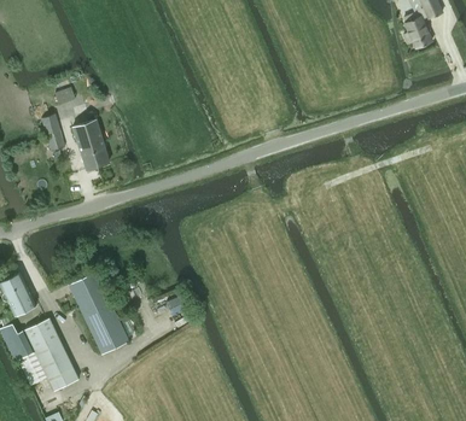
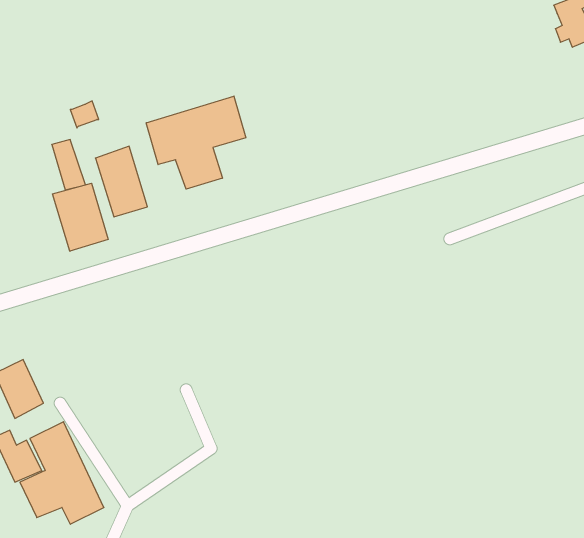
building: none -> [146,96,246,189]
building: none -> [52,183,108,251]
building: [70,273,129,355] -> none

